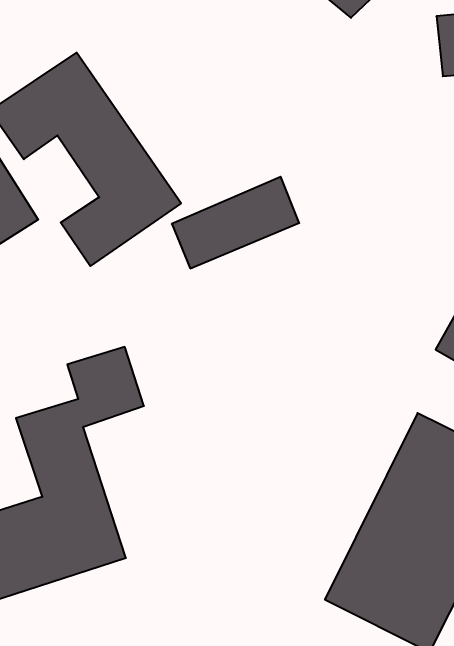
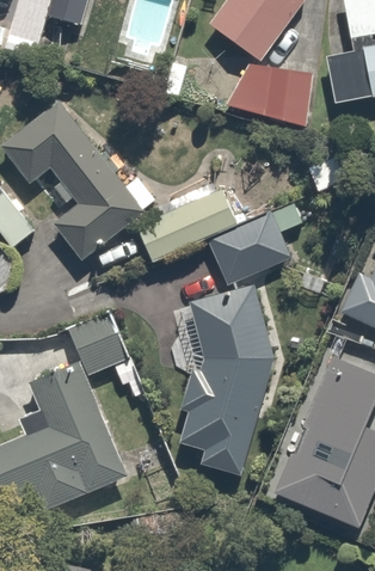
building: none -> [240,63,319,123]
building: none -> [205,207,309,283]
building: none -> [180,288,268,469]

